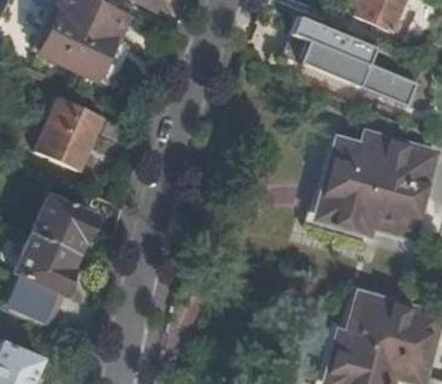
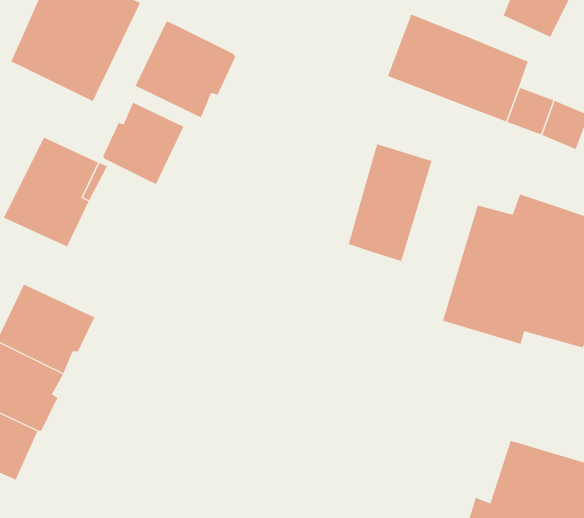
building: none -> [135,20,236,118]
building: none -> [103,102,184,185]
building: none -> [348,144,432,262]

